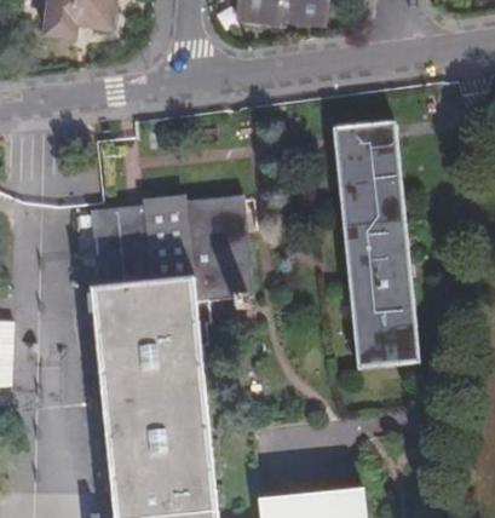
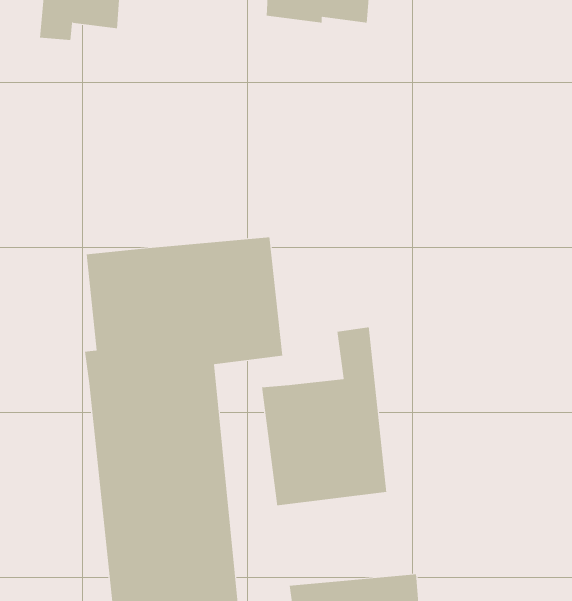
building: [334,125,419,369] -> none
building: none -> [262,326,387,506]

